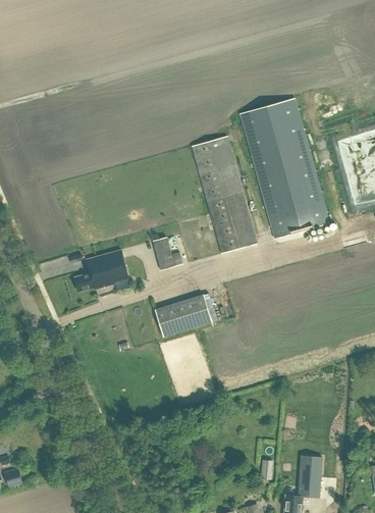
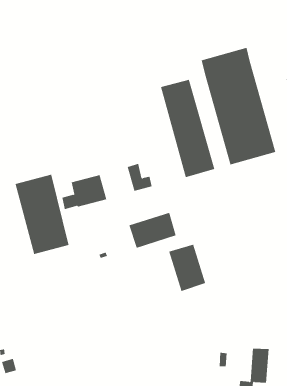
building: none -> [15,174,69,255]
building: none -> [169,244,206,292]

